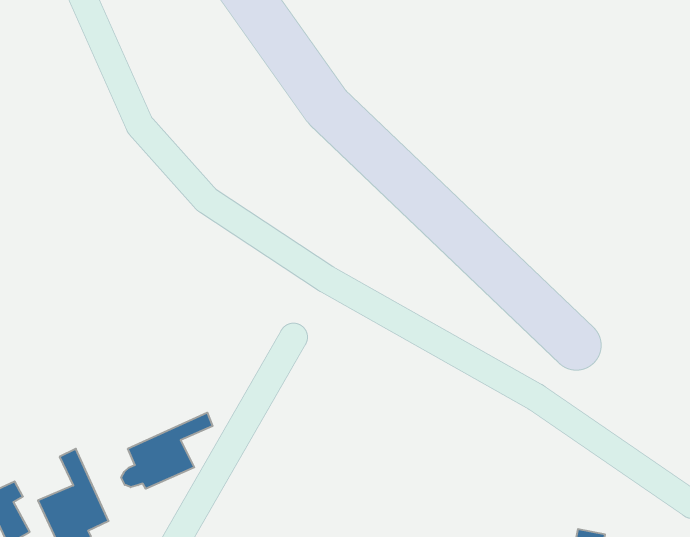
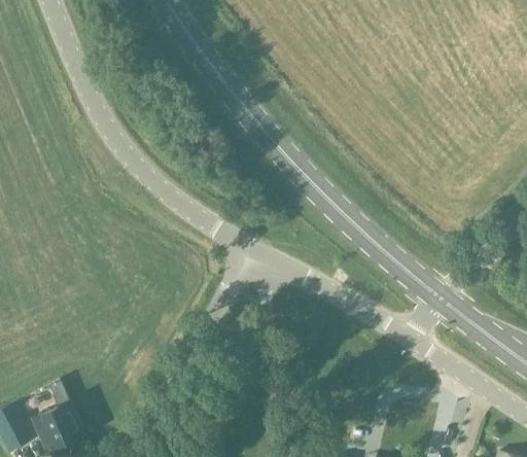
building: [121,413,213,489] -> none

